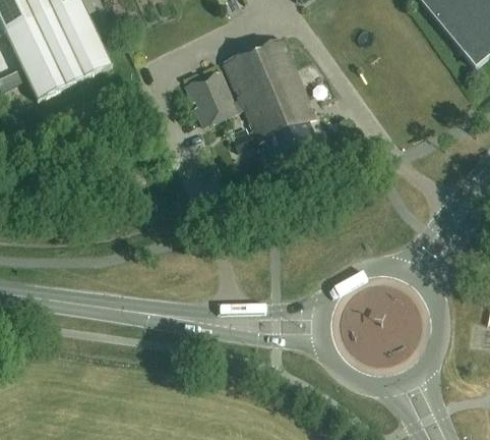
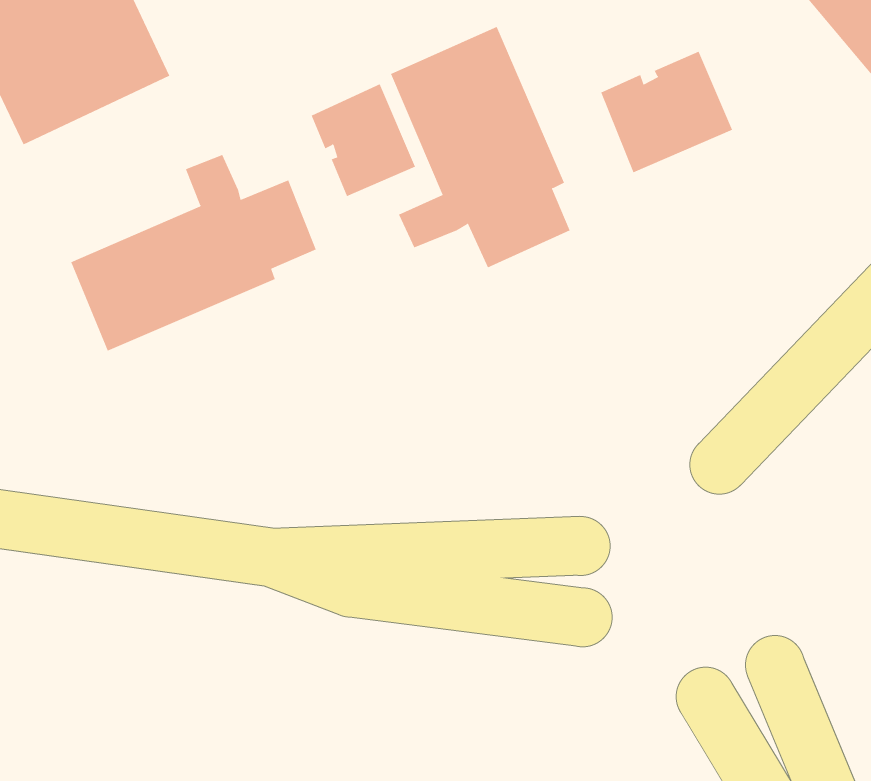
building: none -> [600,51,733,173]
building: none -> [71,154,317,352]

